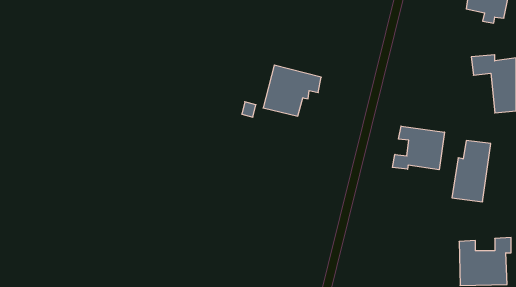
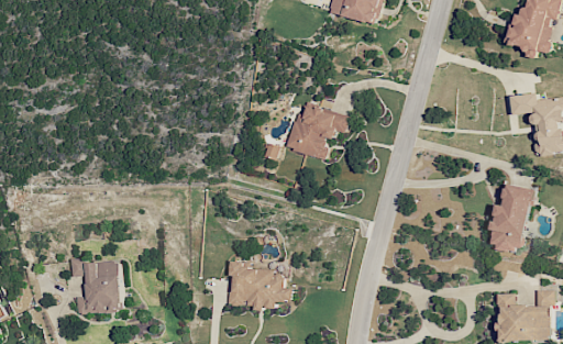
building: [392,126,444,170] -> none
building: none -> [70,257,122,313]
building: none -> [227,265,291,308]

